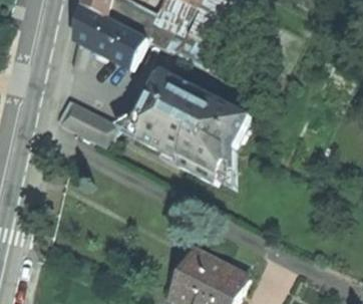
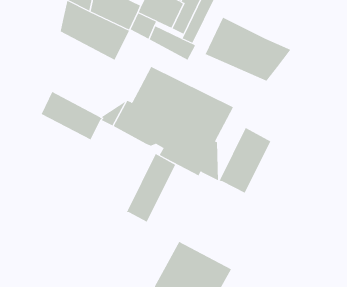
building: none -> [205,17,291,82]
building: none -> [219,127,271,194]
building: none -> [126,153,176,222]

